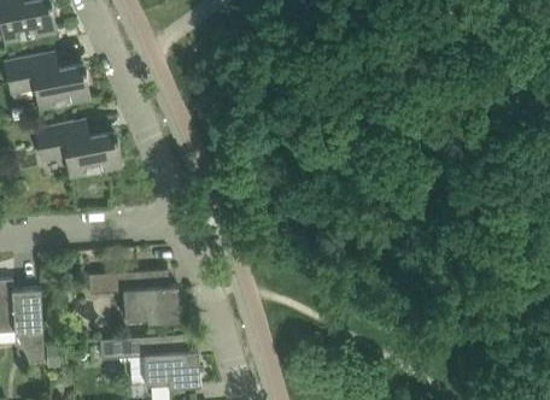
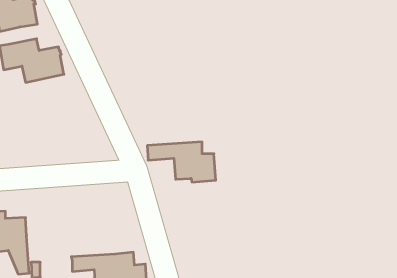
building: [35,120,121,178] -> none
building: [88,271,179,324] -> [147,142,216,182]

